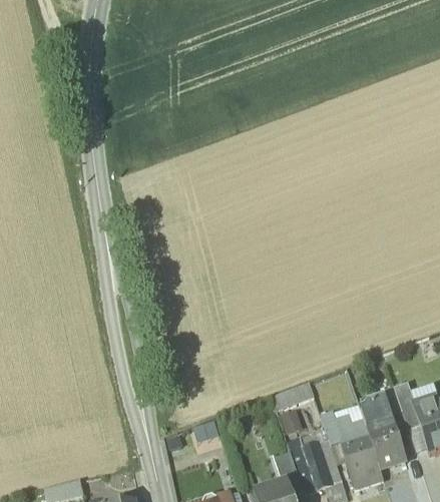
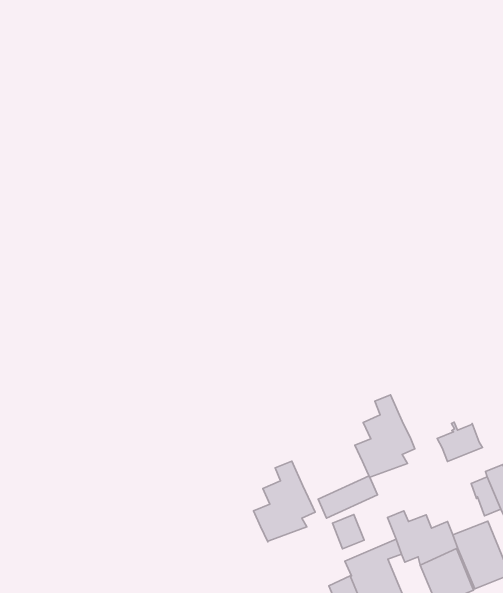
building: none -> [355,395,415,478]
building: none -> [254,461,315,542]
building: [360,402,392,430] -> [437,422,482,461]

